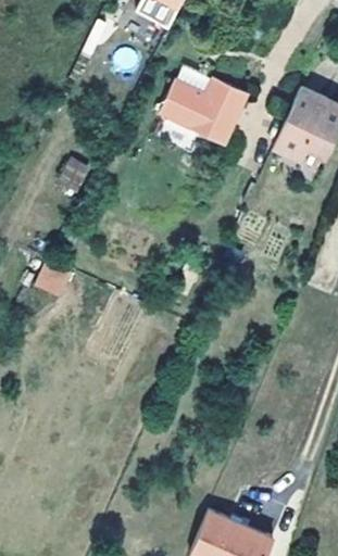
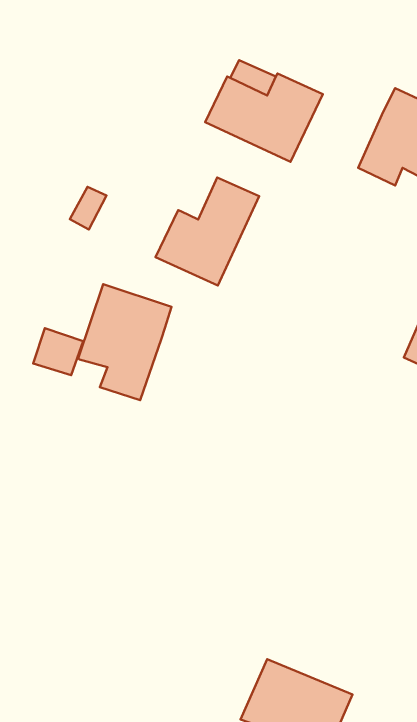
building: none -> [156,177,259,285]
building: none -> [78,284,171,400]

